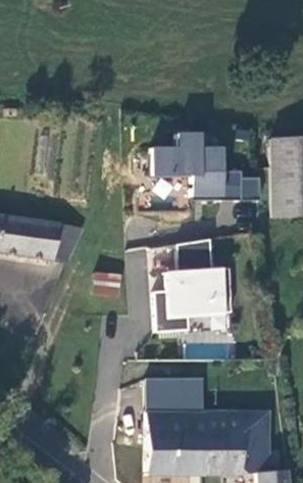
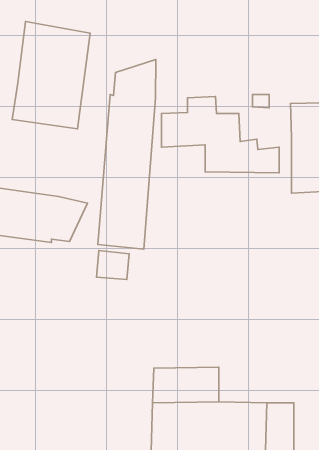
building: none -> [12,21,90,129]
building: none -> [98,60,156,249]
building: [151,239,233,332] -> none

